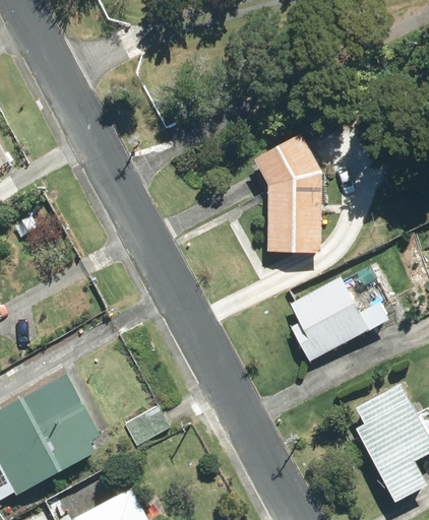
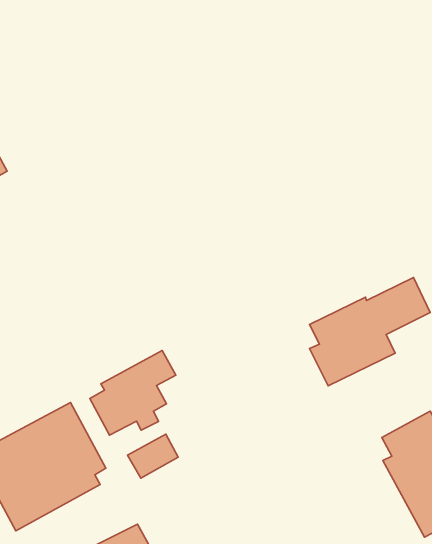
building: [255,135,322,253] -> none
building: none -> [90,350,176,435]

